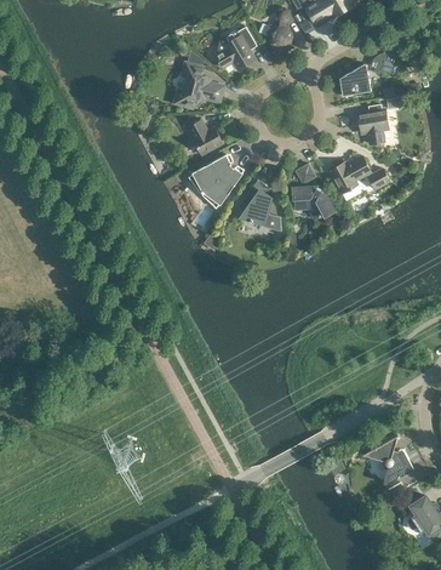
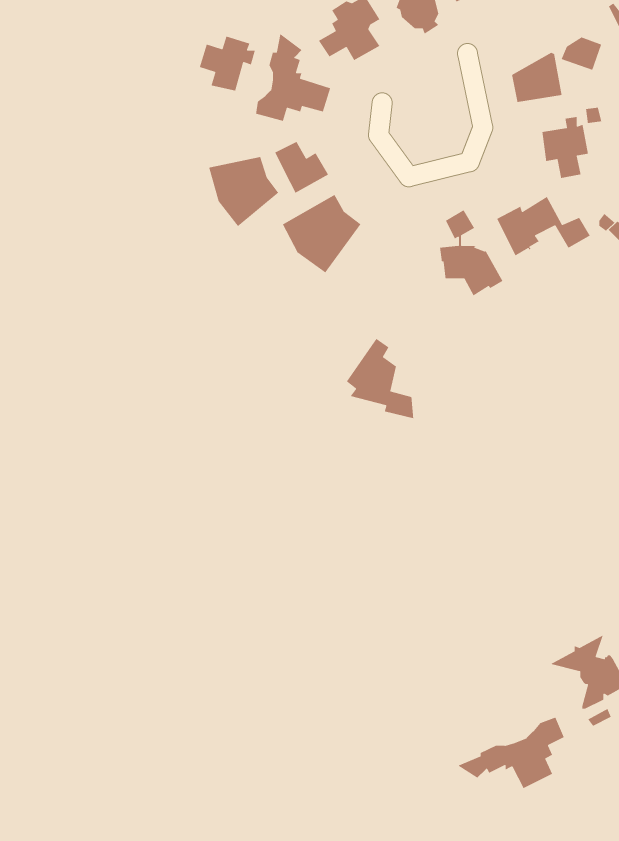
building: none -> [199,35,256,91]
building: none -> [208,156,279,227]
building: [237,179,281,232] -> [346,338,414,419]
building: none -> [457,716,565,789]

